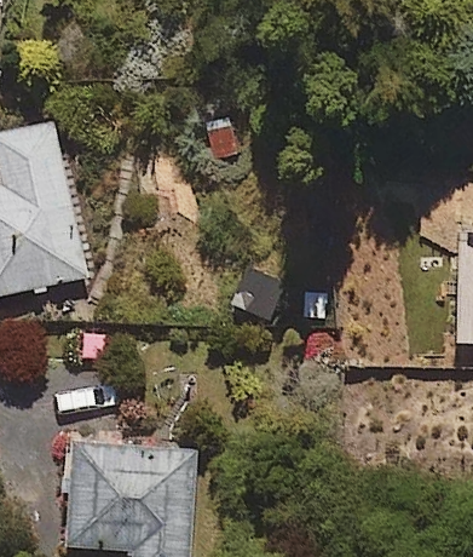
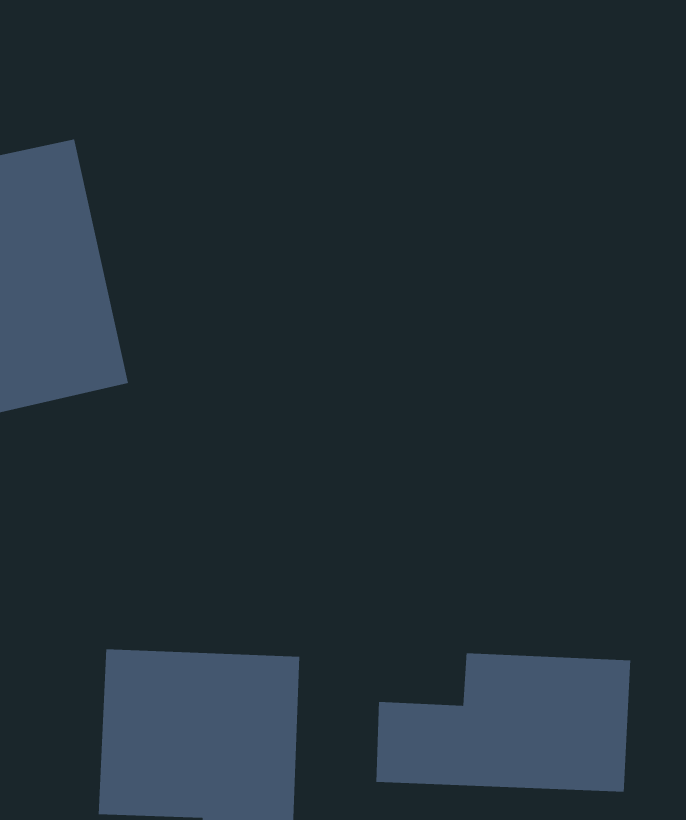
building: none -> [376,652,631,792]

